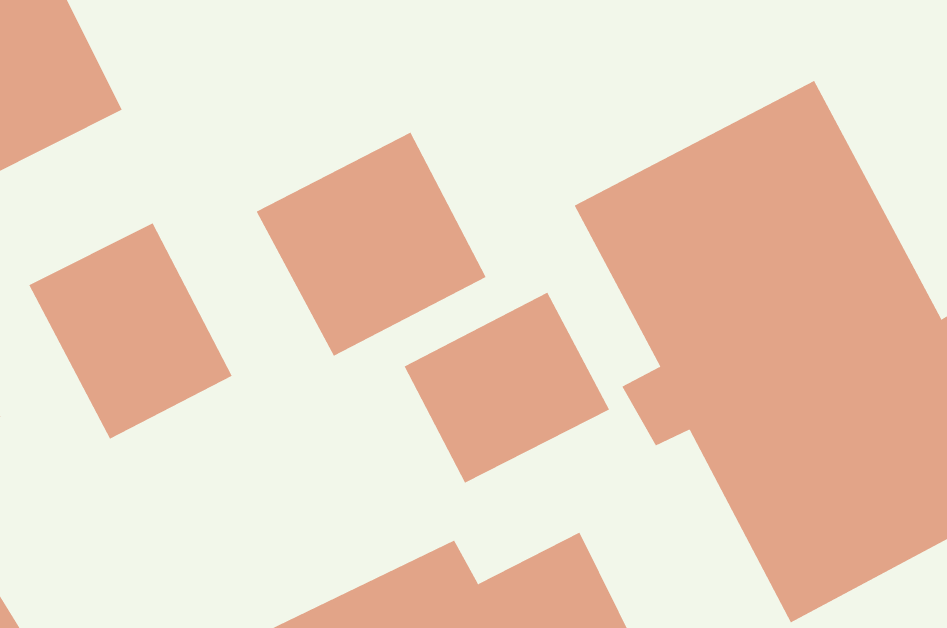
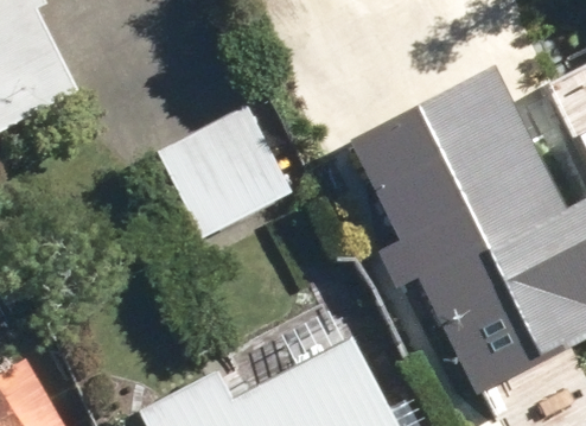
building: [29,222,232,440] -> none
building: [404,292,610,484] -> none

